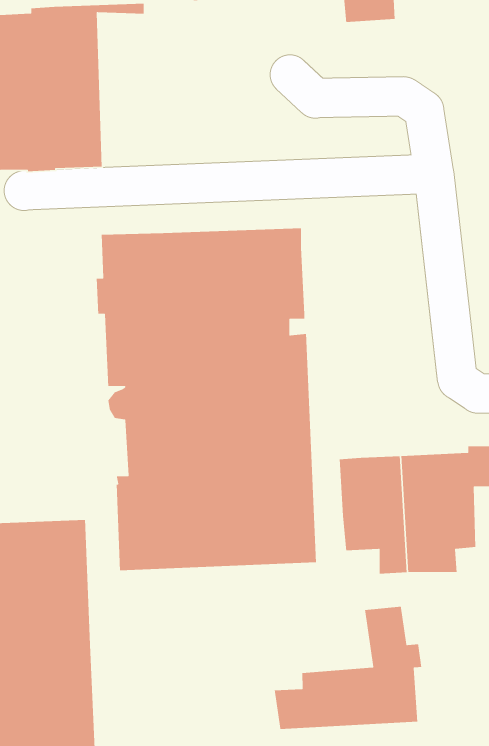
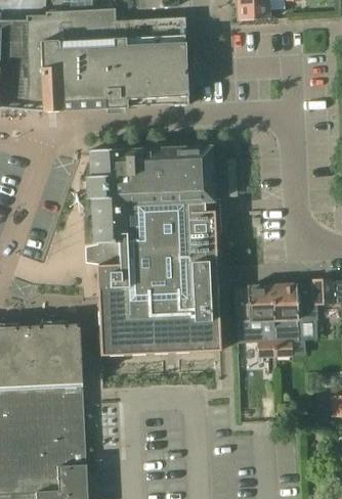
building: none -> [86,14,187,108]
building: [274,606,422,730] -> none

